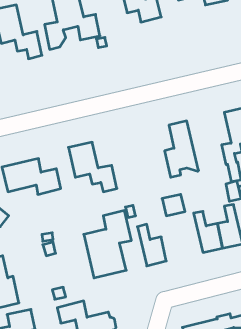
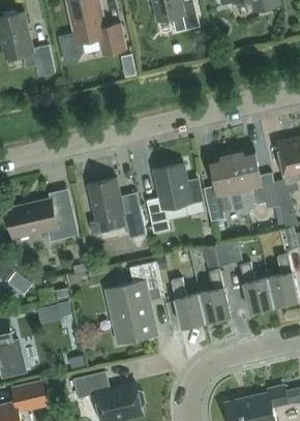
building: none -> [231,148,278,213]
building: none -> [146,163,203,234]
building: none -> [200,270,231,323]

